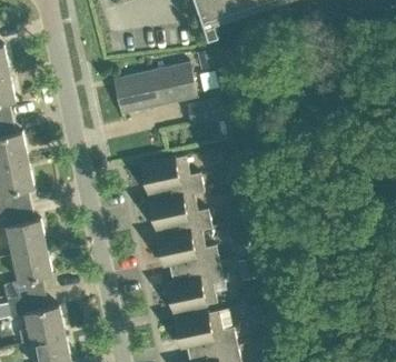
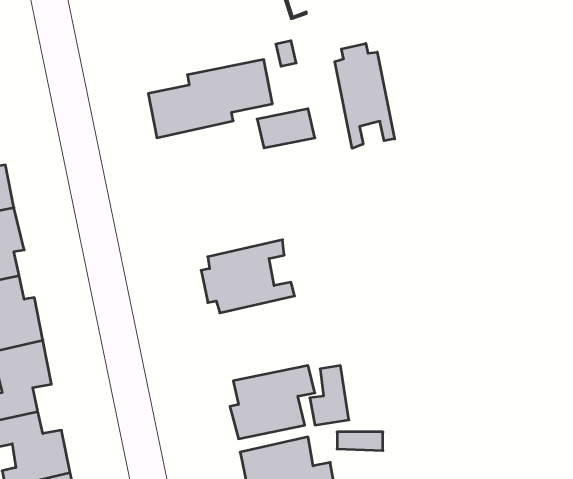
building: none -> [335,43,395,148]
building: [141,157,202,193] -> none
building: [157,219,219,274] -> none

